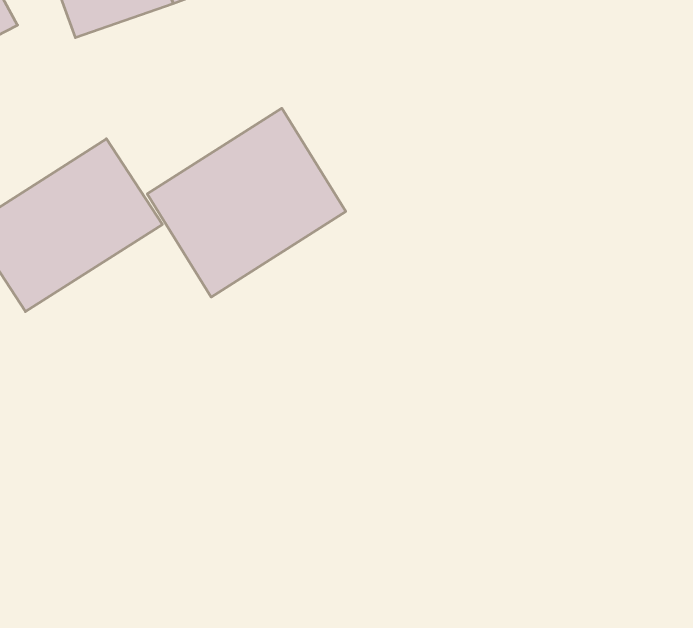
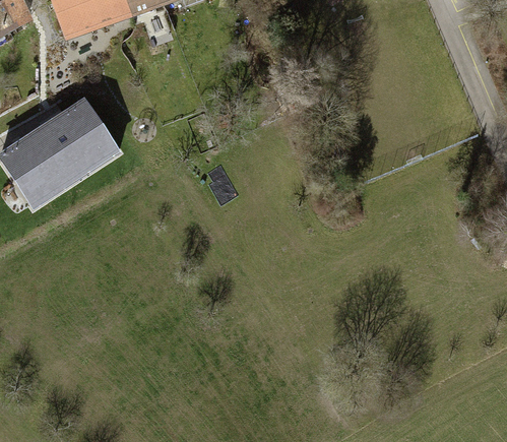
building: [147,108,346,297] -> none

